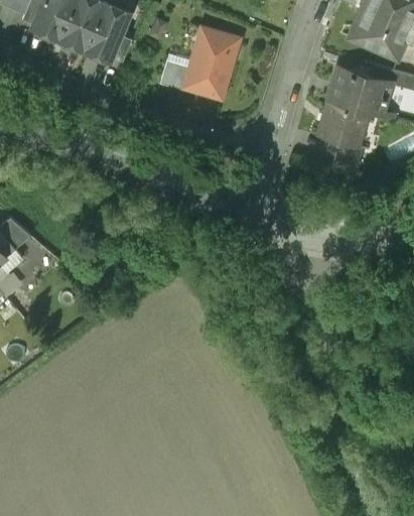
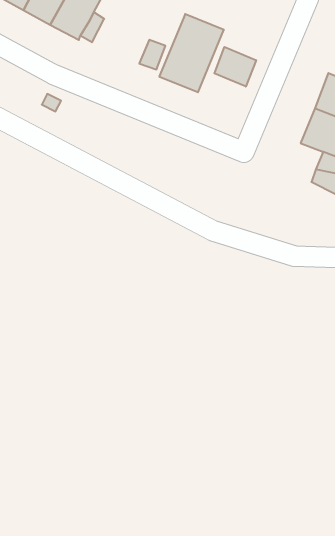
building: none -> [214,47,256,87]

